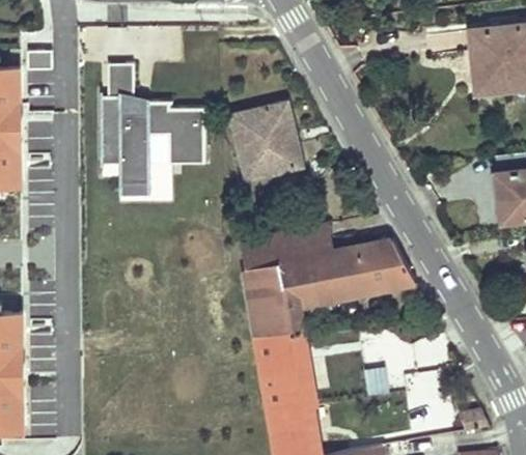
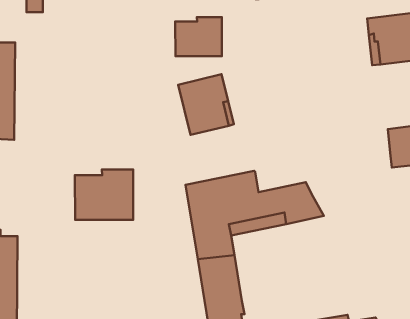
building: none -> [175,17,222,56]
building: [101,62,205,194] -> none
building: none -> [75,169,133,220]

